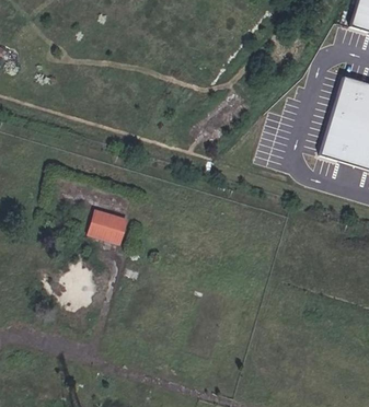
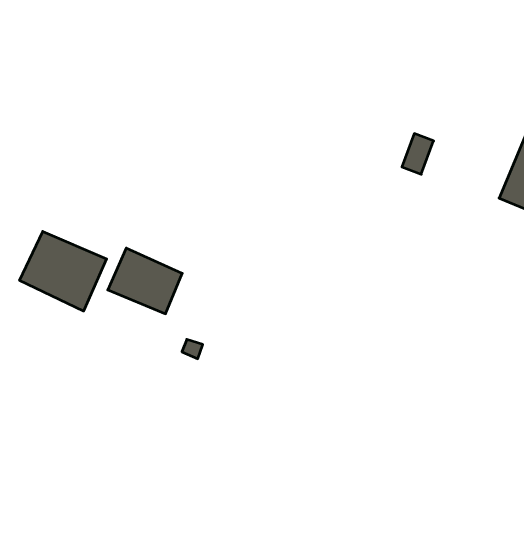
building: none -> [20,231,107,311]

